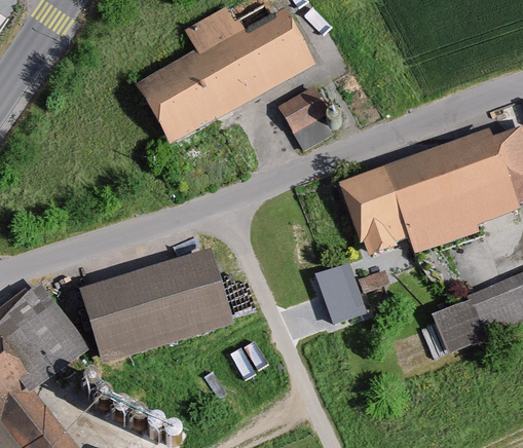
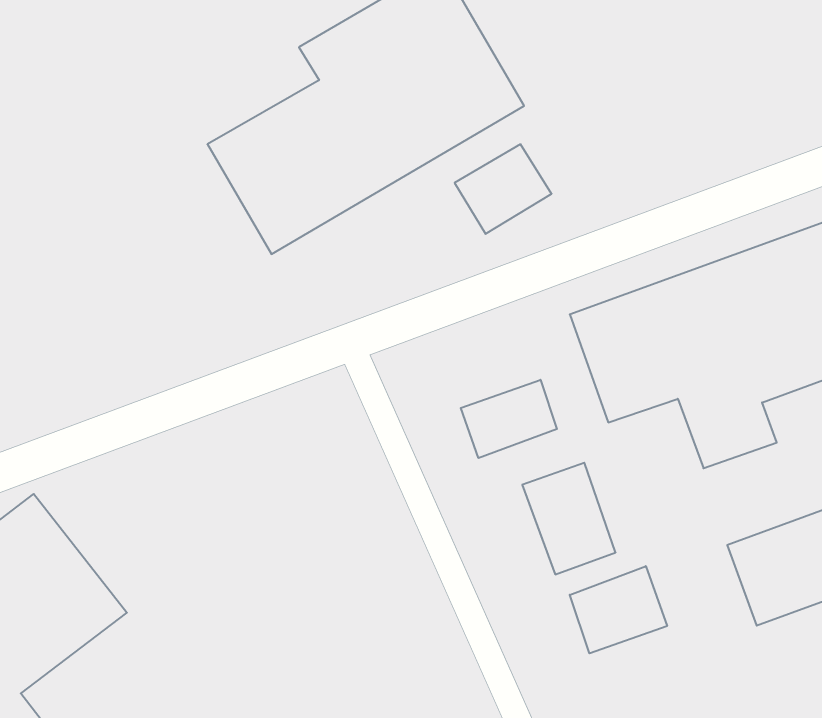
building: none -> [461,380,557,458]
building: [80,248,235,366] -> none
building: none -> [570,566,667,653]

